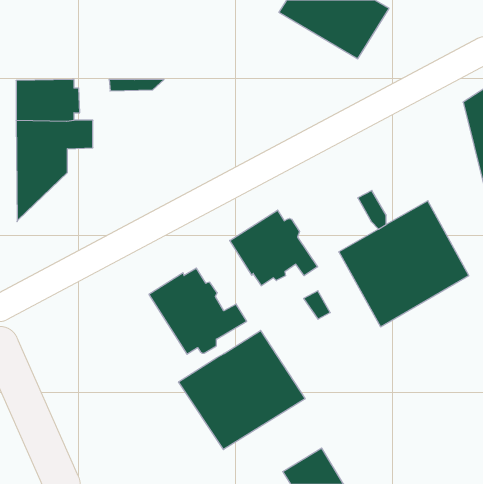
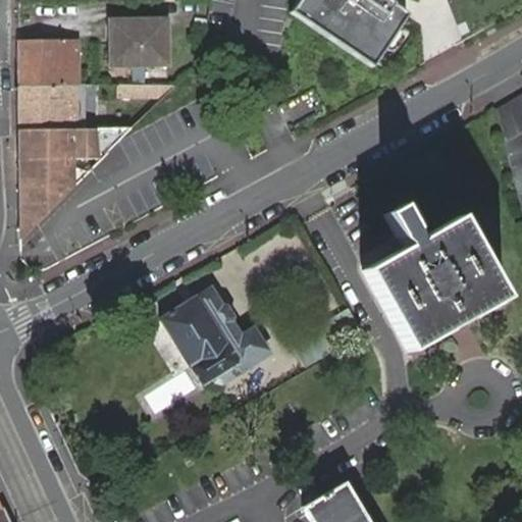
building: none -> [109,18,167,65]
building: none -> [18,40,80,87]
building: [230,210,318,286] -> none
building: [179,330,305,450] -> none

